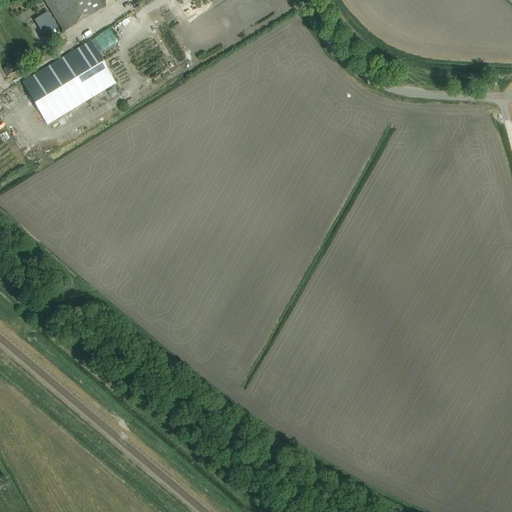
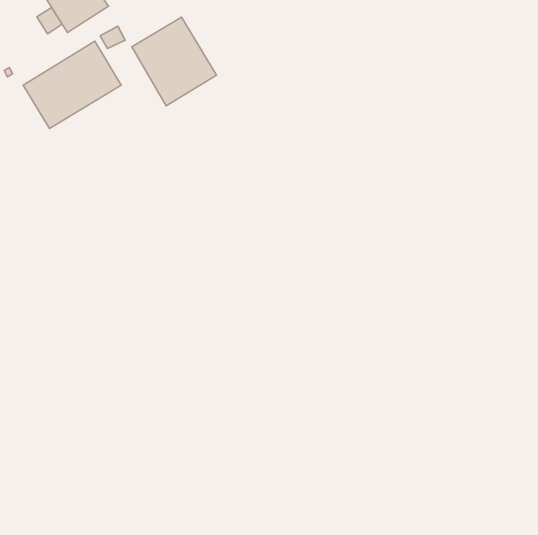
building: none -> [132,17,216,106]

